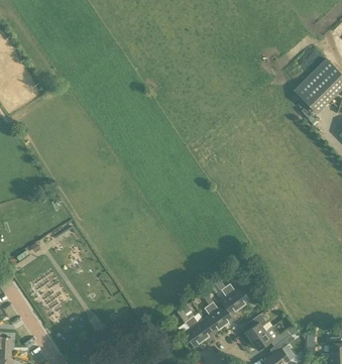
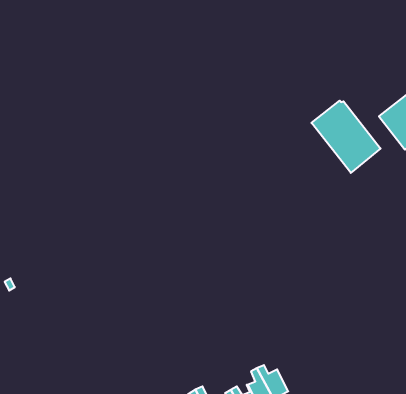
building: none -> [311,101,381,173]

